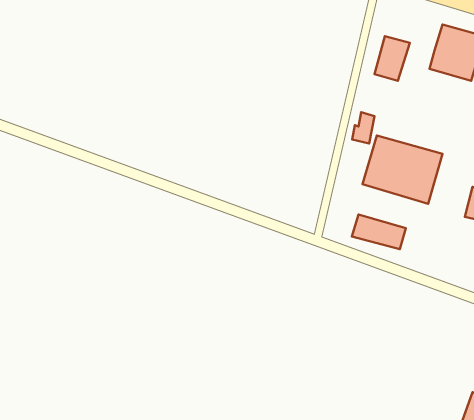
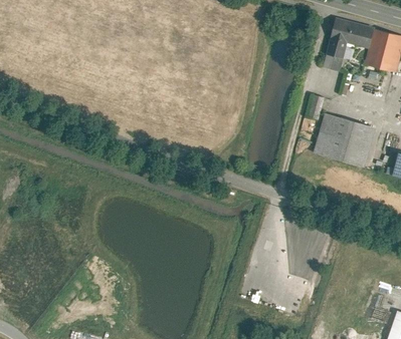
building: none -> [330,17,374,48]
building: [352,214,406,249] -> none

